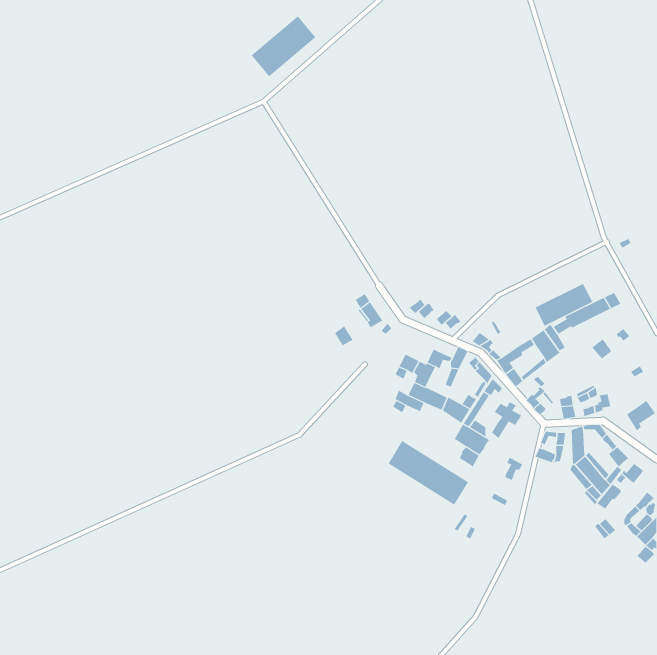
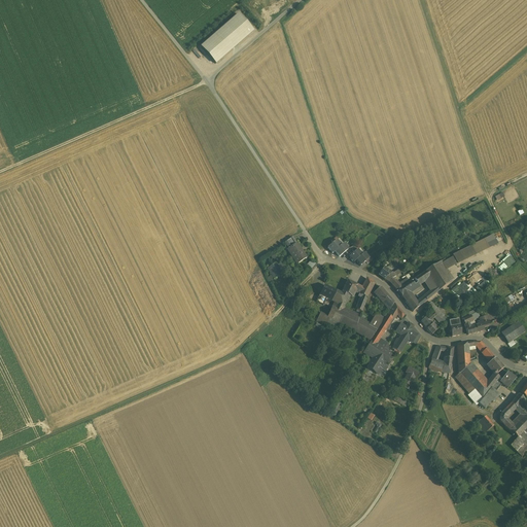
building: [535,283,593,326] -> none
building: [388,440,469,505] -> none

